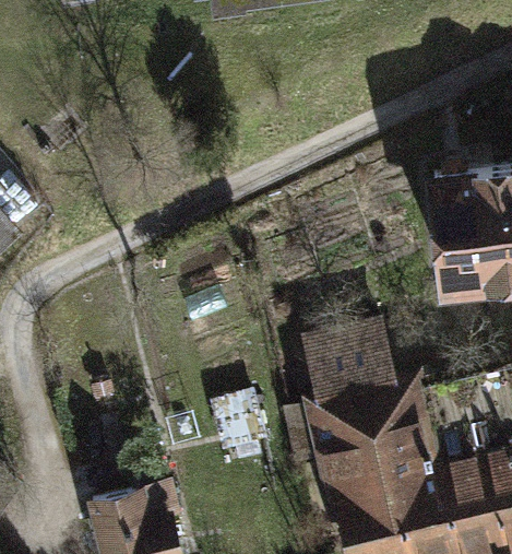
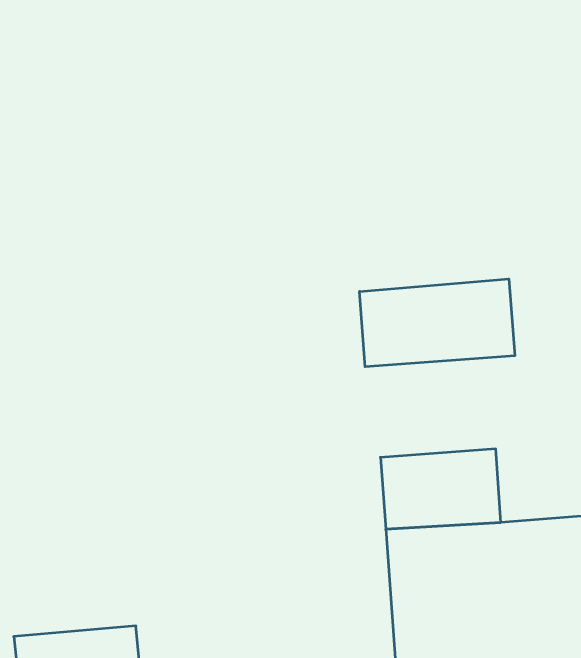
building: none -> [360,279,515,367]

